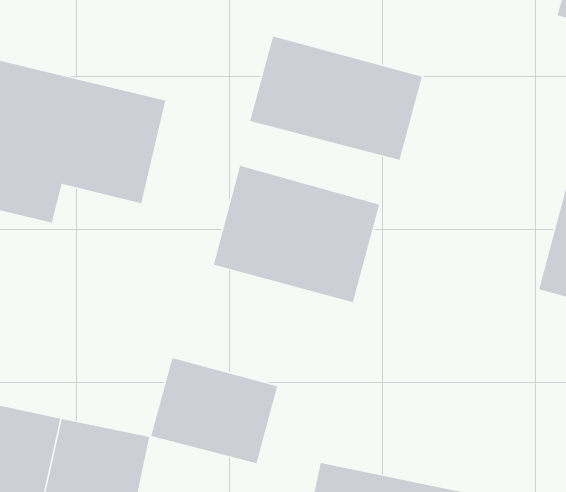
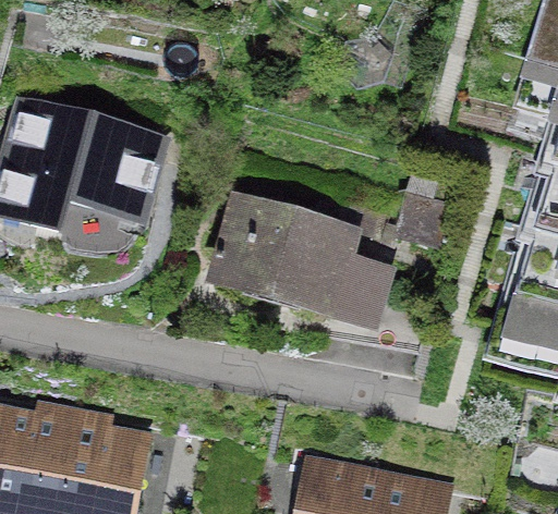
building: [249,36,423,161] -> none
building: [150,357,278,464] -> none

